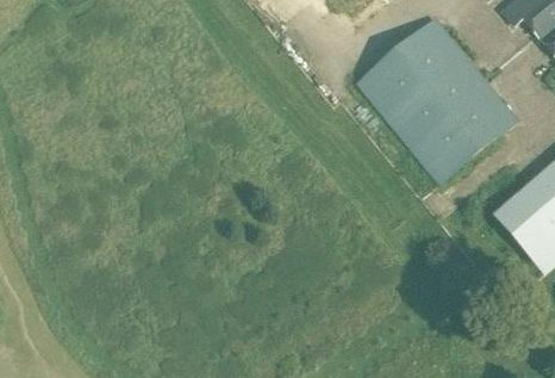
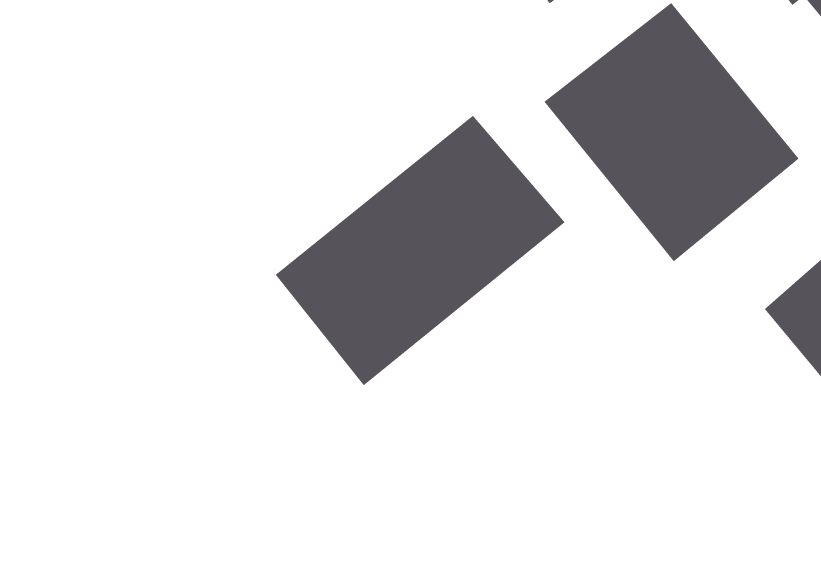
building: none -> [275,115,565,386]

